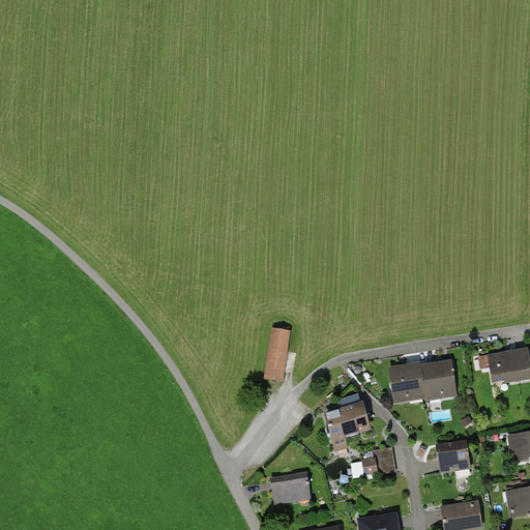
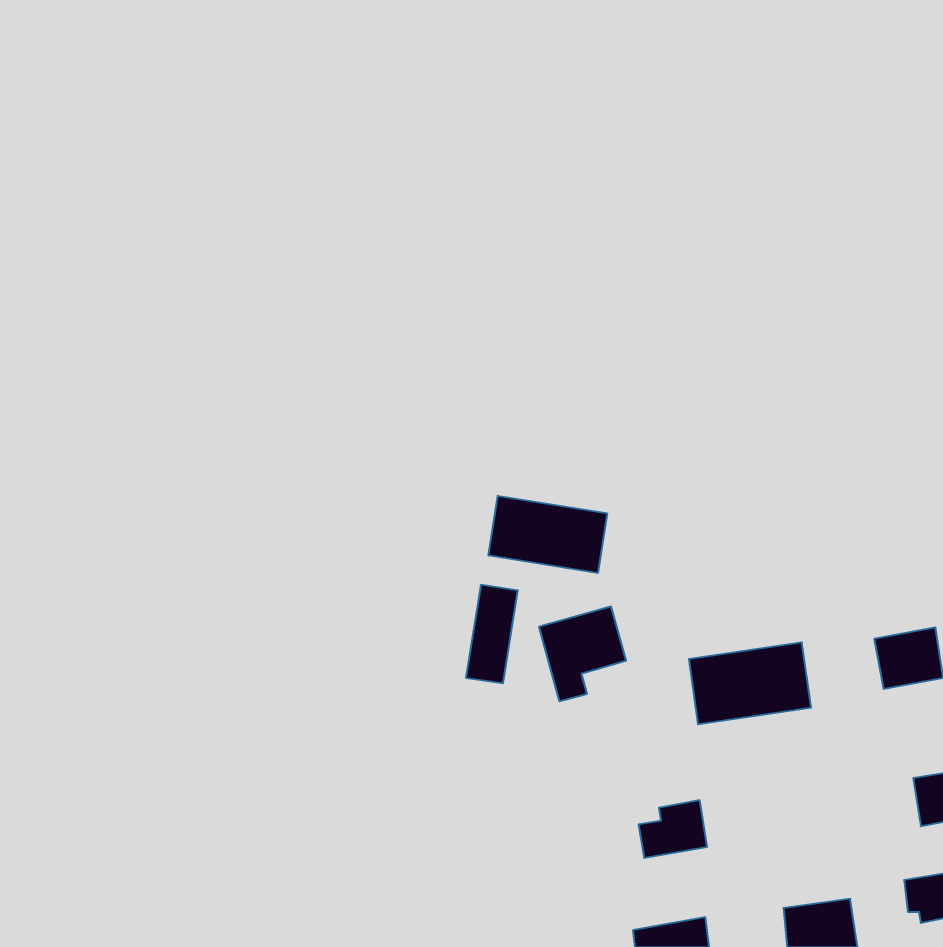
building: none -> [489,496,607,573]
building: [320,400,369,452] -> [539,607,626,701]
building: [435,440,469,473] -> none
building: [271,470,313,507] -> none

